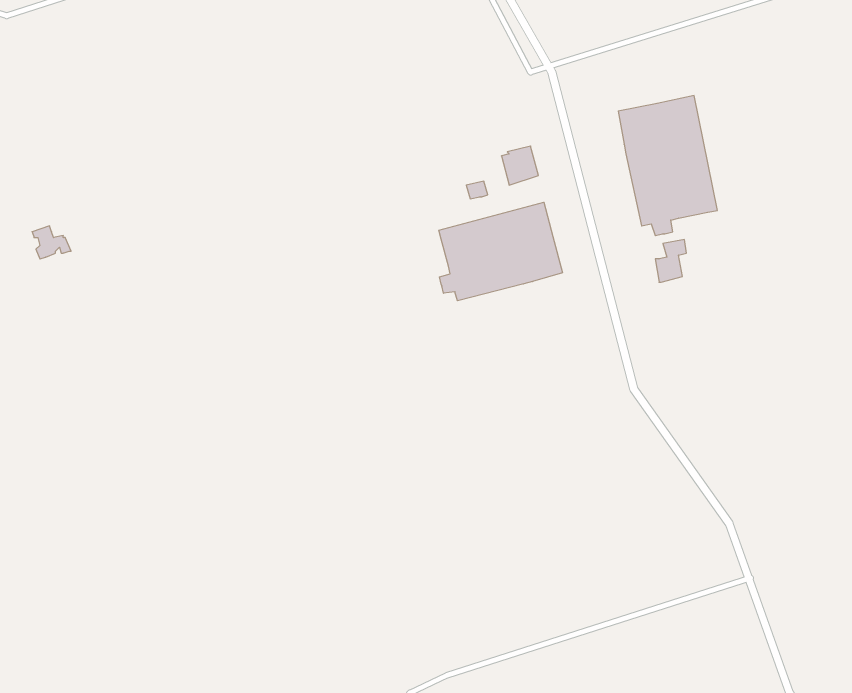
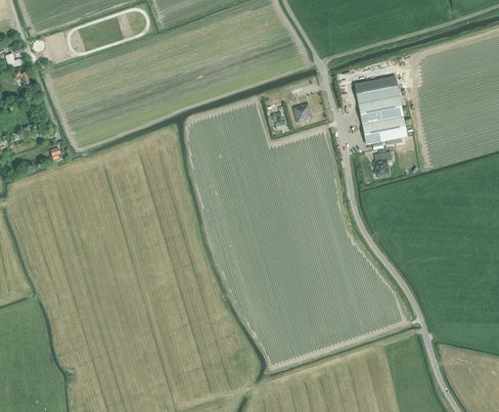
building: [439,202,563,301] -> none

